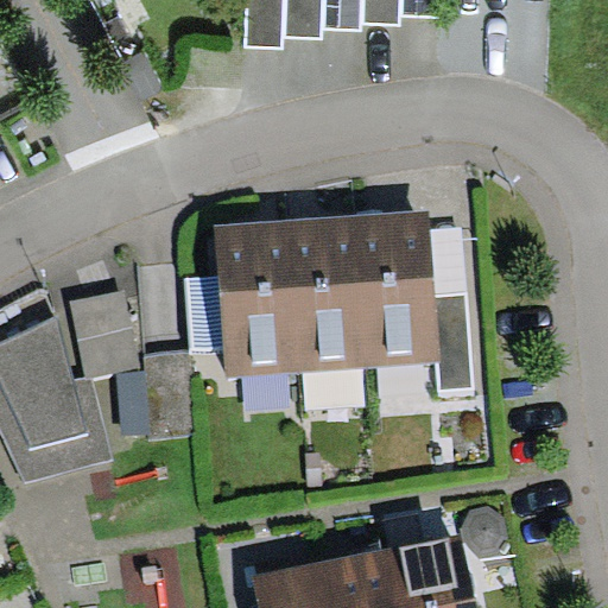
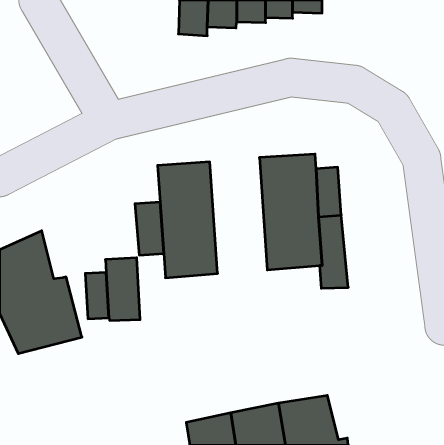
building: [286,215,365,373] -> none
building: [70,291,140,379] -> none

